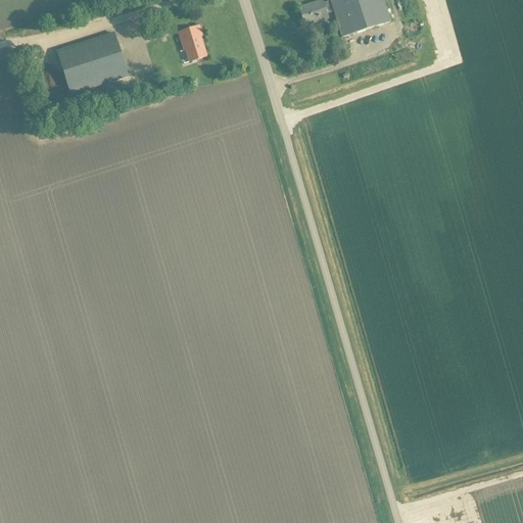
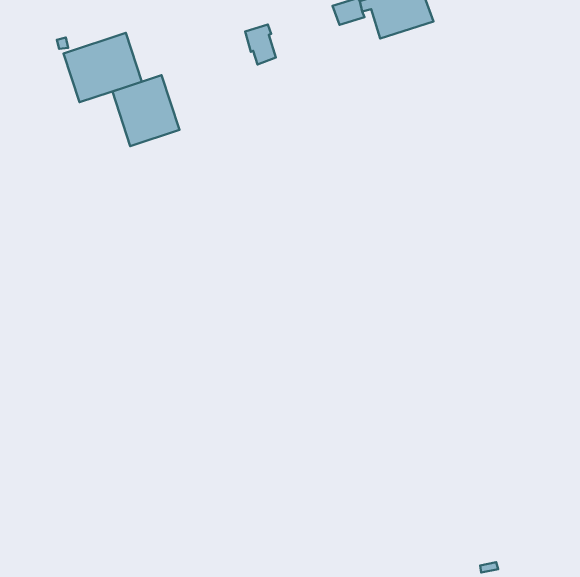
building: [179,23,206,59] -> [245,25,276,64]
building: none -> [112,75,179,146]

